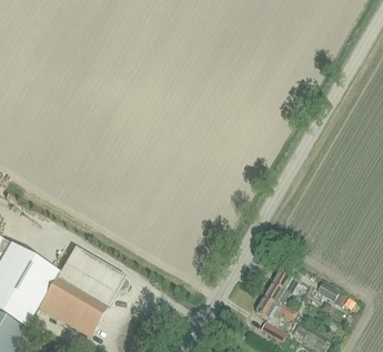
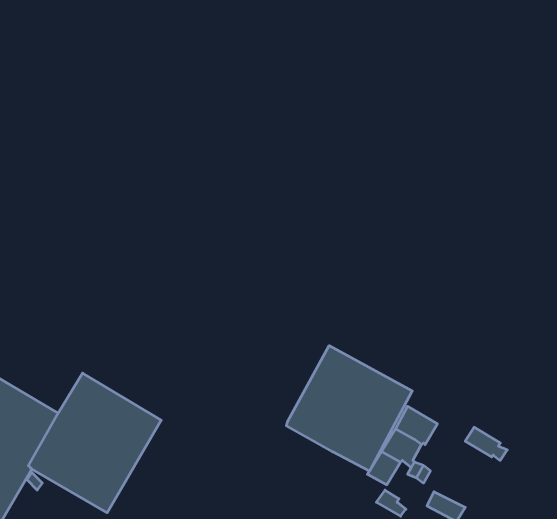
building: none -> [286,346,412,471]

